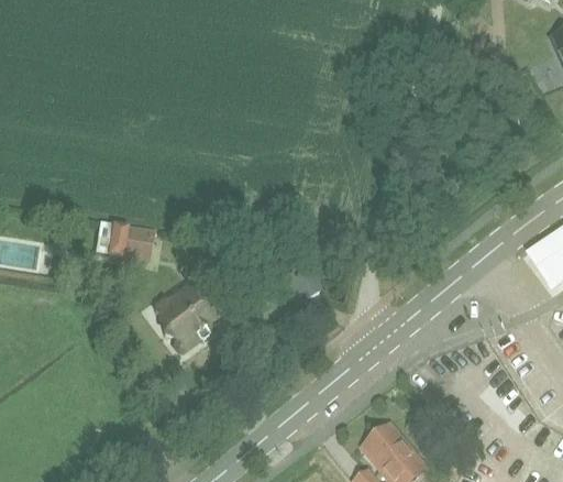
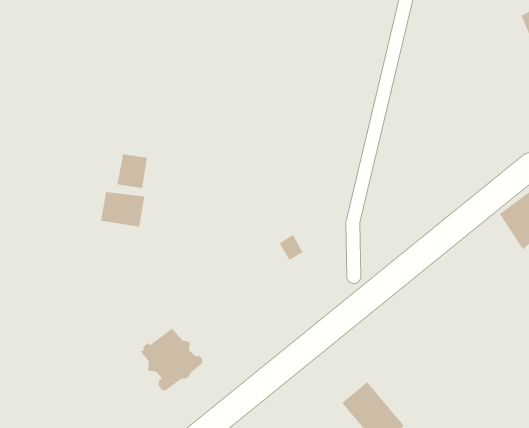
building: none -> [117,154,148,189]
building: [154,284,221,351] -> [140,327,204,391]

